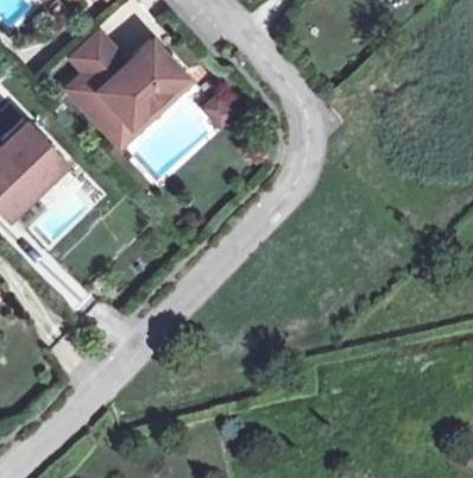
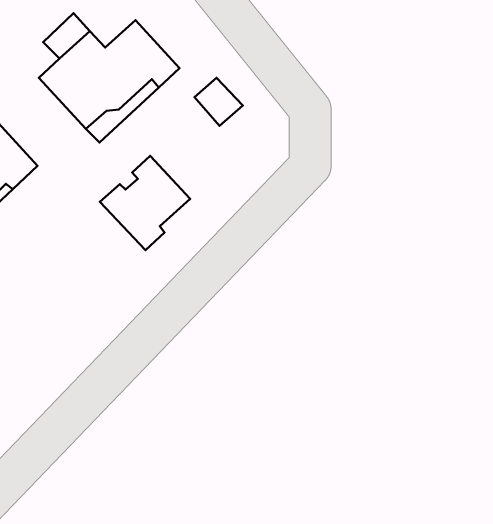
building: none -> [100,156,190,250]

